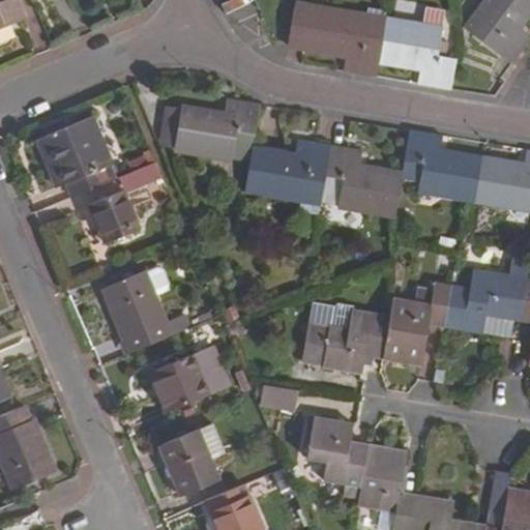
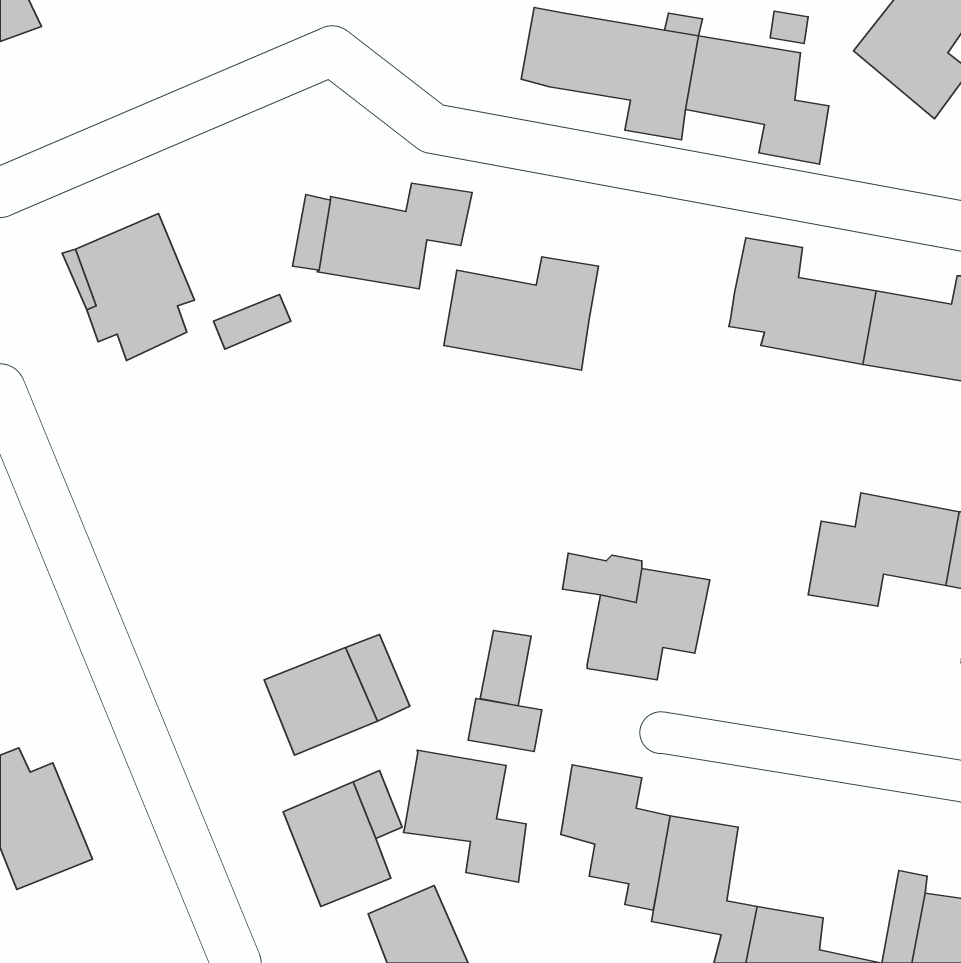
building: [325,146,403,215] -> none
building: [87,190,138,244] -> none
building: [101,272,189,354] -> none
building: [383,283,452,364] -> none
building: [303,323,331,364] -> [480,630,531,706]
building: none -> [403,750,526,882]

